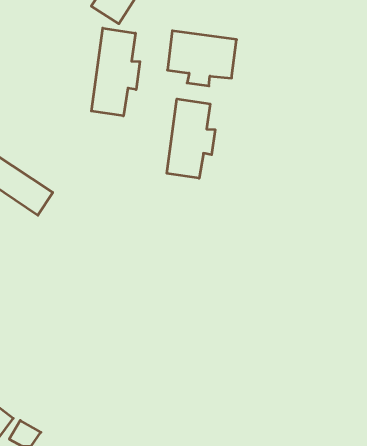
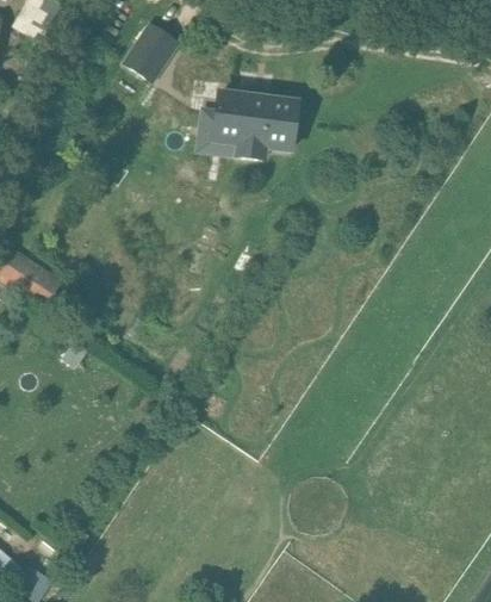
building: [91,28,140,116] -> none
building: [167,99,215,178] -> none

